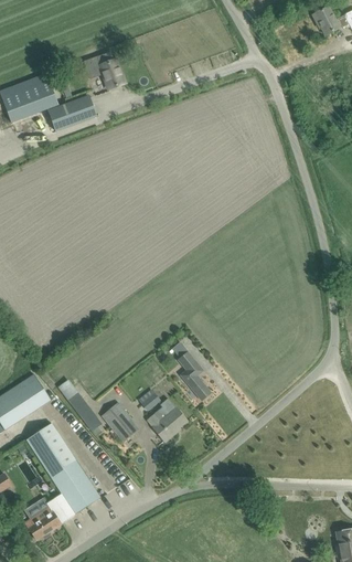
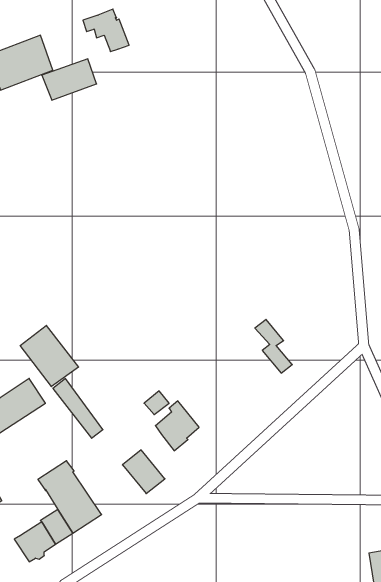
building: none -> [20,325,79,387]
building: [177,352,210,400] -> [255,319,292,373]
building: [100,402,138,441] -> [122,450,165,494]
building: [25,423,68,467] -> none

